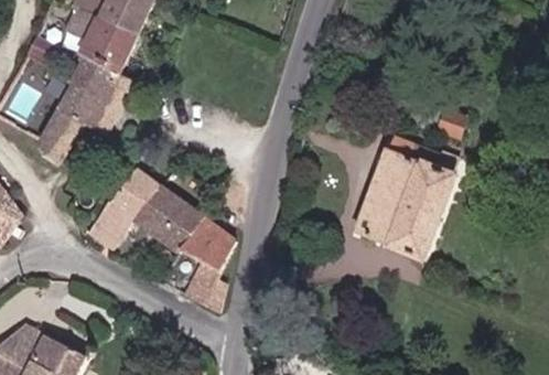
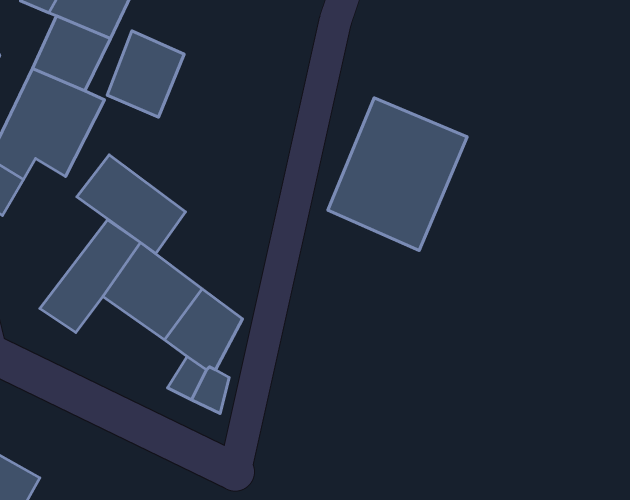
building: none -> [107,31,184,117]
building: none -> [77,155,185,253]
building: [354,152,456,265] -> [328,98,467,251]

